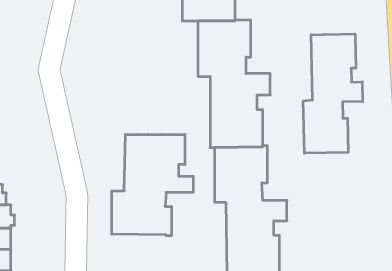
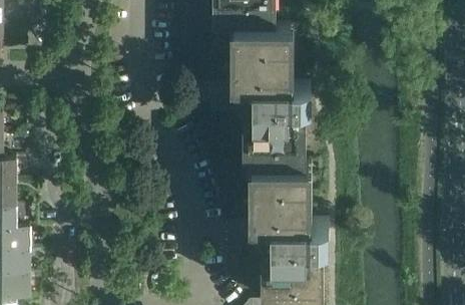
building: [303,34,363,153] -> none
building: [112,134,193,236] -> none

